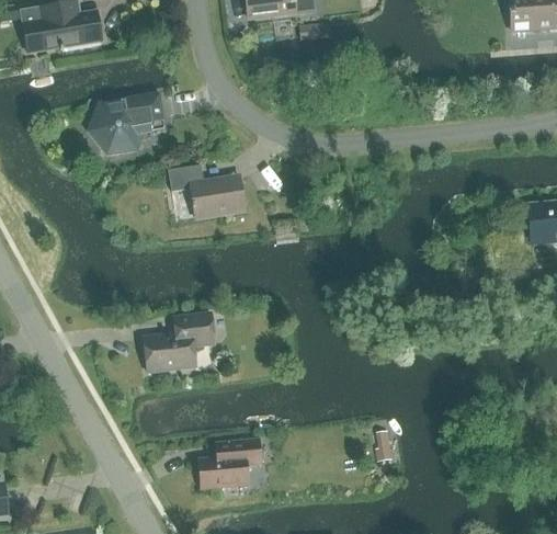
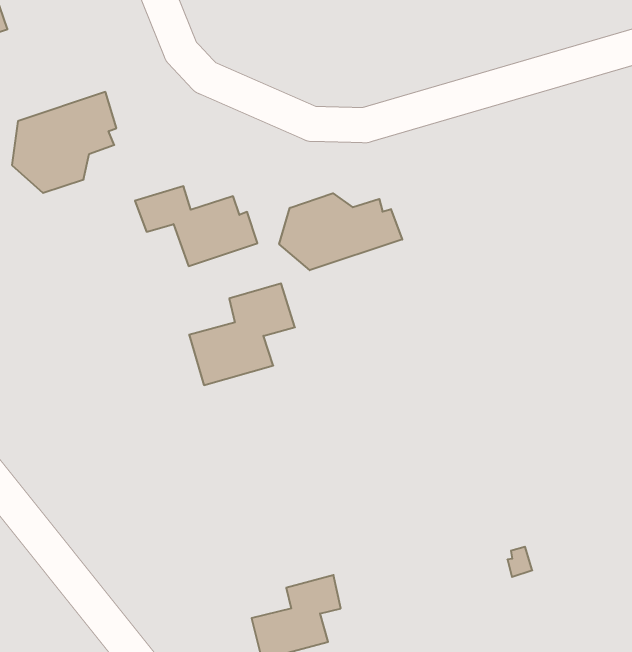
building: none -> [279,193,402,270]
building: [144,313,215,372] -> [189,283,295,385]

